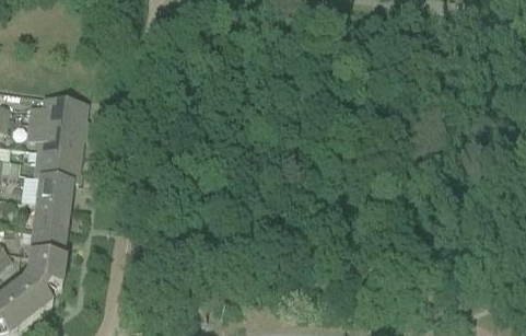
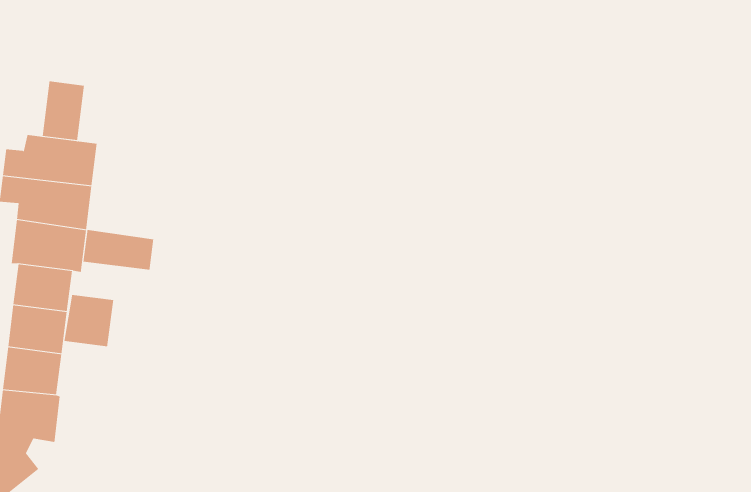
building: none -> [42,81,84,141]
building: none -> [83,229,154,270]
building: none -> [64,294,114,347]

